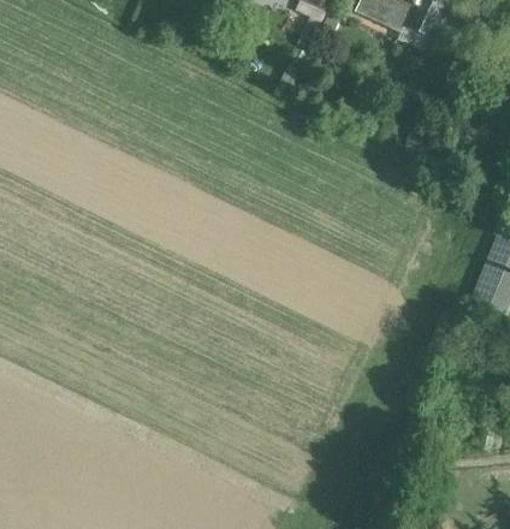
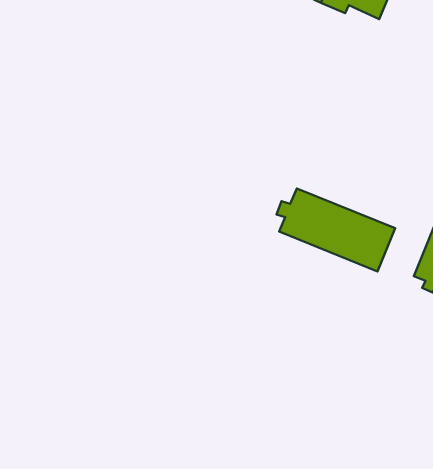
building: none -> [277,188,395,272]

